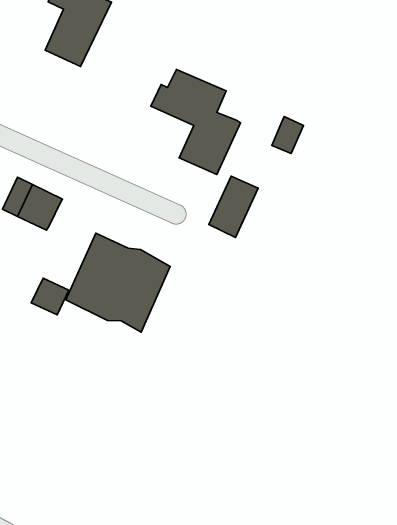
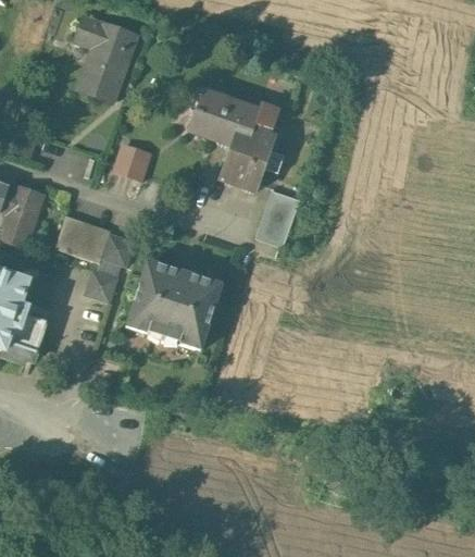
building: none -> [115,144,148,178]
building: [272,116,303,153] -> [250,100,278,135]
building: none -> [101,232,134,265]
building: [31,278,69,315] -> [84,269,118,302]

